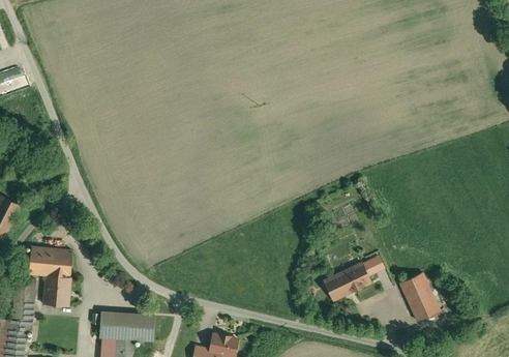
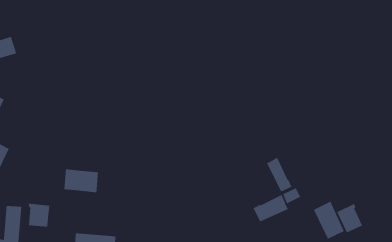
building: none -> [266,156,293,193]
building: [28,246,72,277] -> [63,168,99,193]
building: none -> [336,203,363,233]

